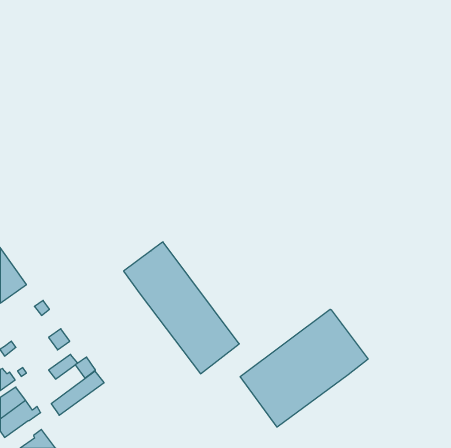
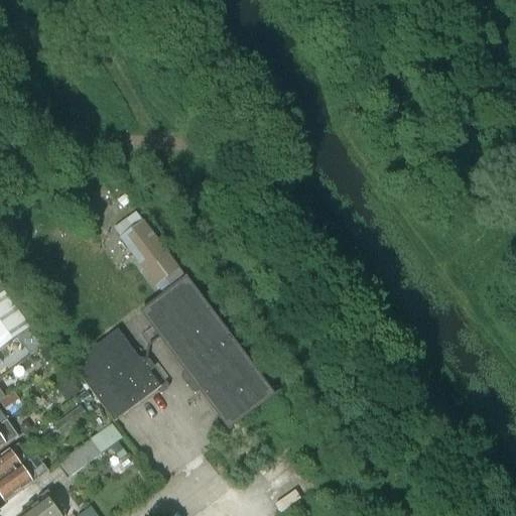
building: none -> [120,219,185,286]
building: none -> [71,327,160,419]
building: [240,309,368,427] -> none

